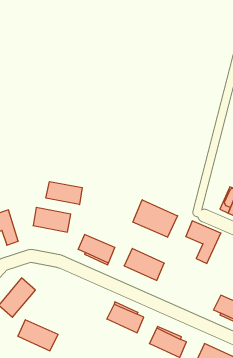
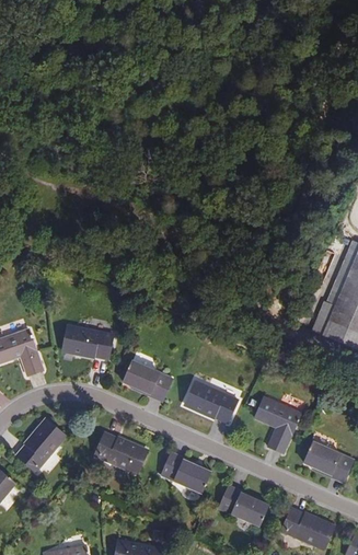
building: [46,182,82,205] -> none
building: [133,200,178,237] -> none
building: [186,221,221,263] -> [254,396,301,453]
building: [18,320,58,351] -> [94,432,148,474]

